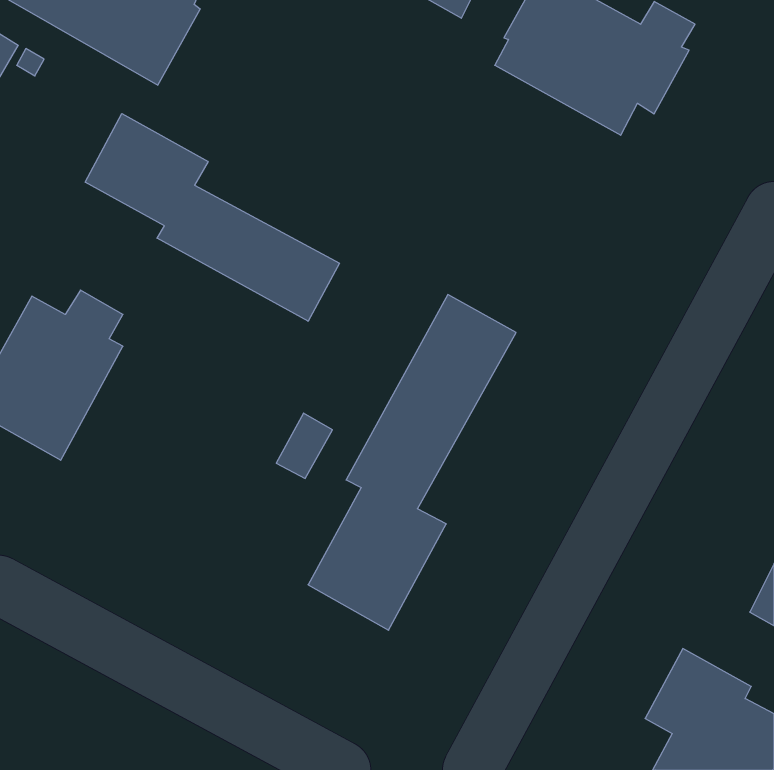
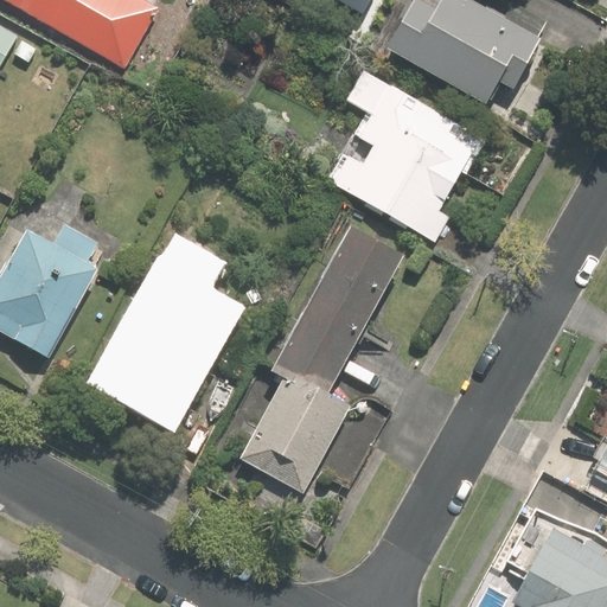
building: none -> [326,68,485,239]
building: [85,114,339,321] -> none
building: none -> [98,245,226,422]

